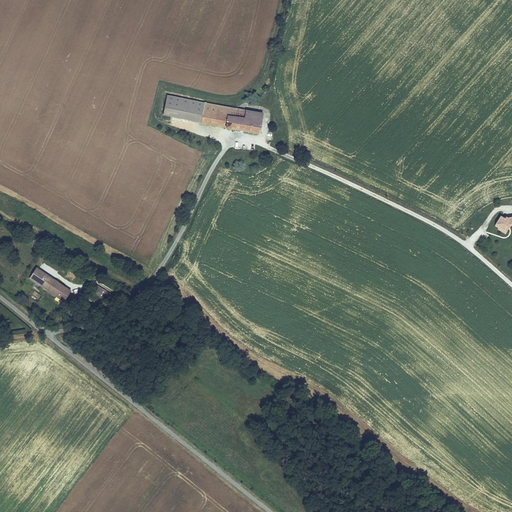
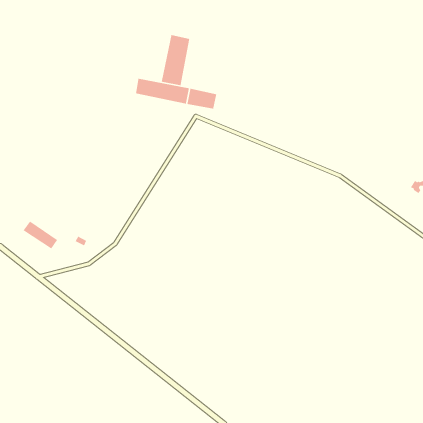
building: none -> [161,34,190,86]

